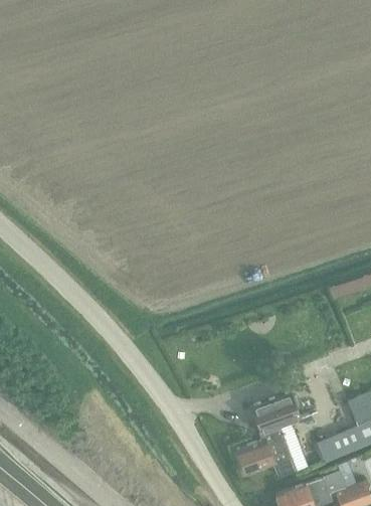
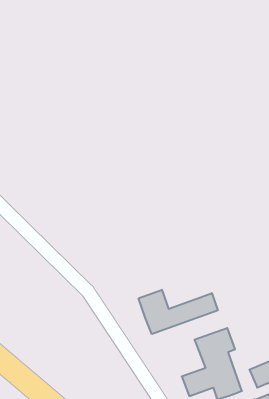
building: none -> [139,290,218,334]

